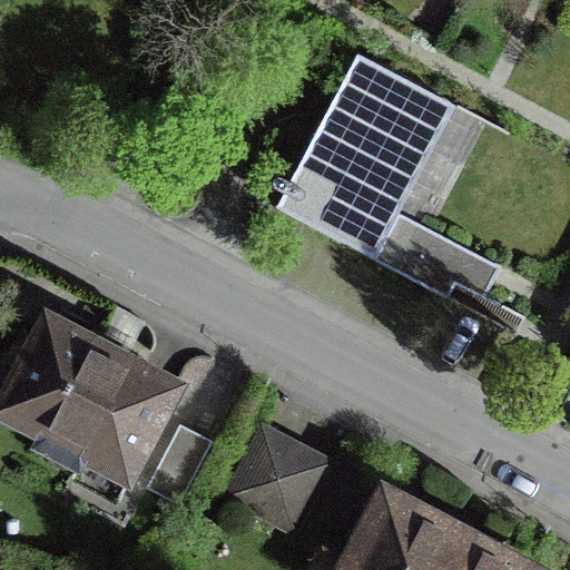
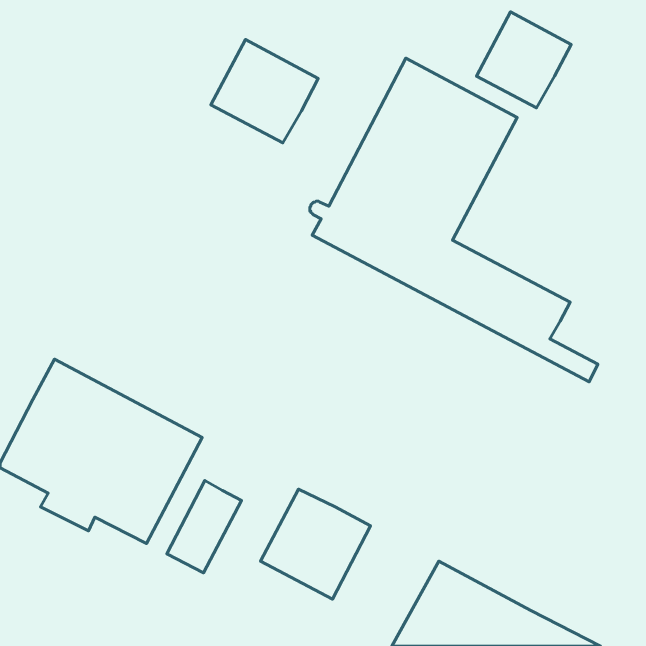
building: none -> [477,12,571,108]
building: none -> [211,39,318,143]

